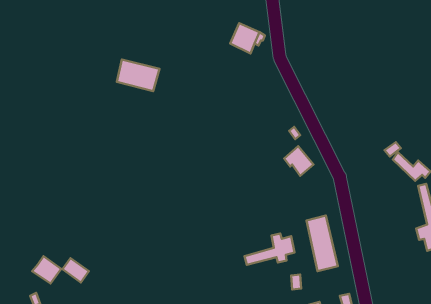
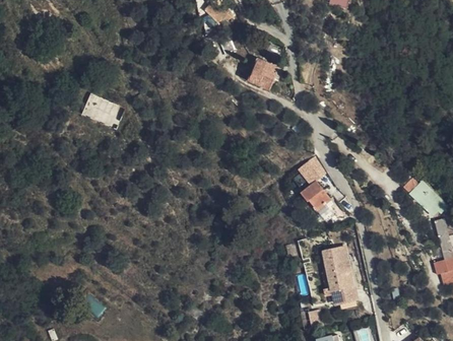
building: [117,60,159,91] -> [82,94,125,126]
building: [245,234,294,265] -> none
building: [32,256,61,284] -> none

